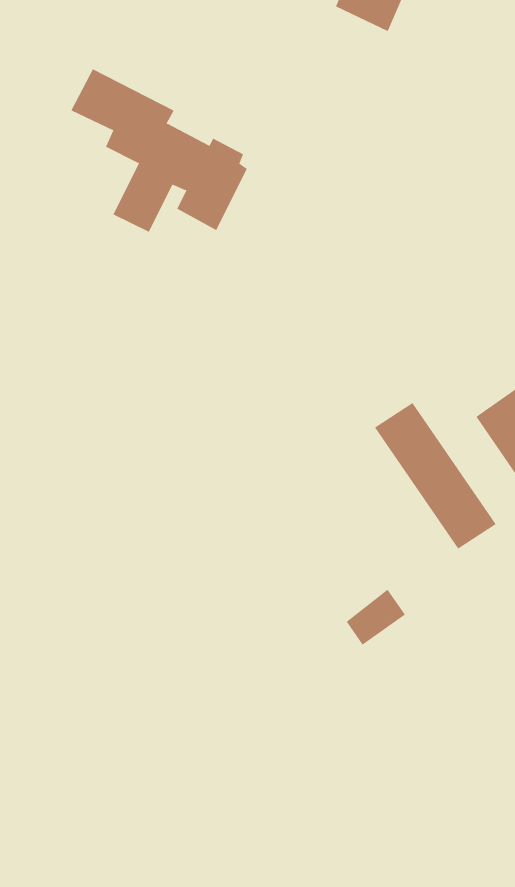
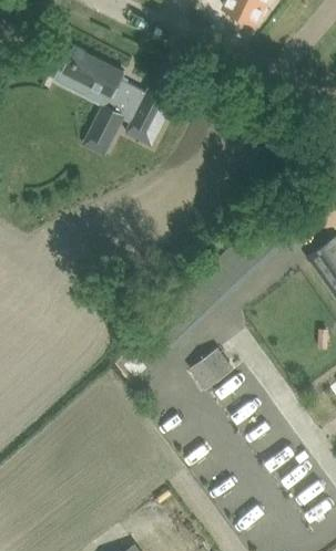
building: [374,402,496,550] -> none
building: [346,589,406,645] -> [191,350,227,384]

